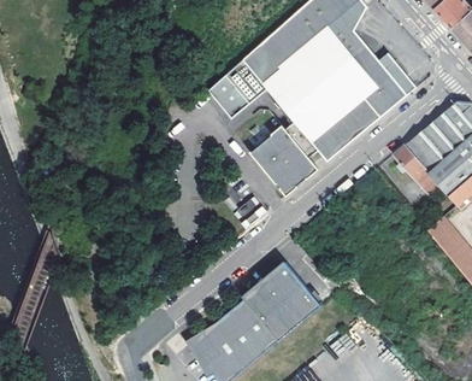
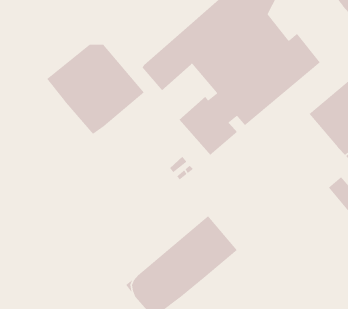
building: none -> [46,44,145,135]
building: [393,145,437,194] -> none

